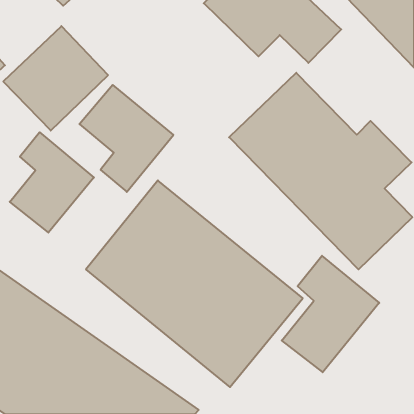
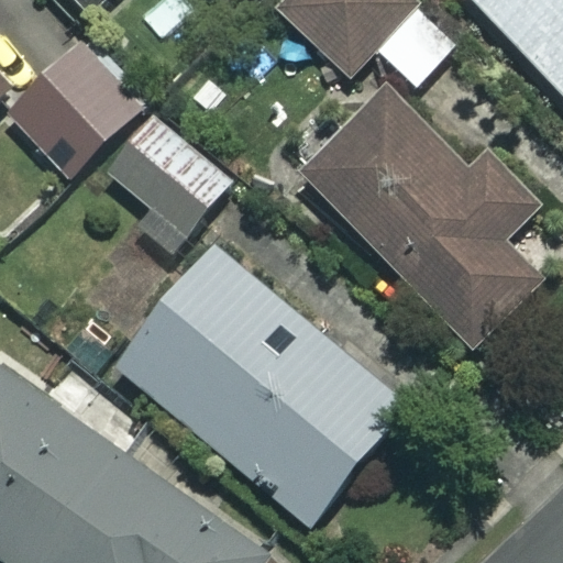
building: [10,132,94,233] -> none
building: [282,256,379,372] -> none

